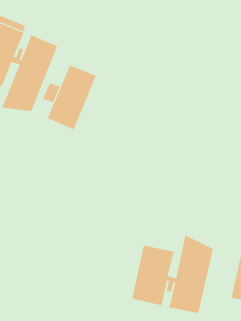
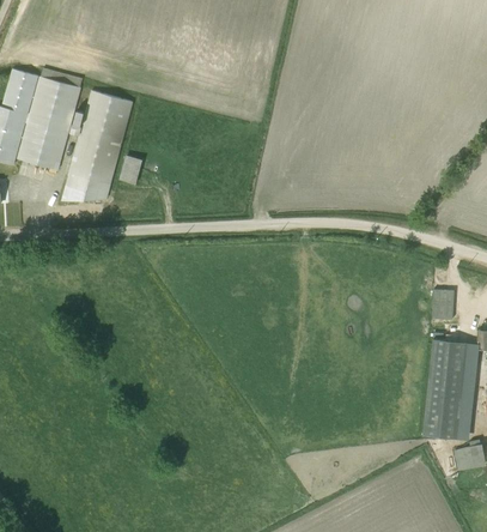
building: [47,64,97,130] -> none
building: [131,235,213,314] -> none

